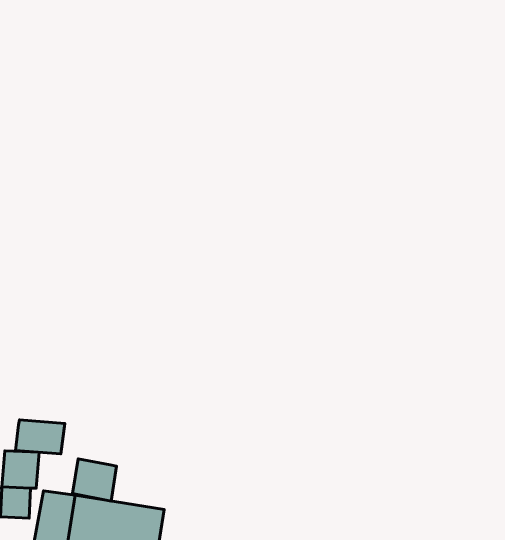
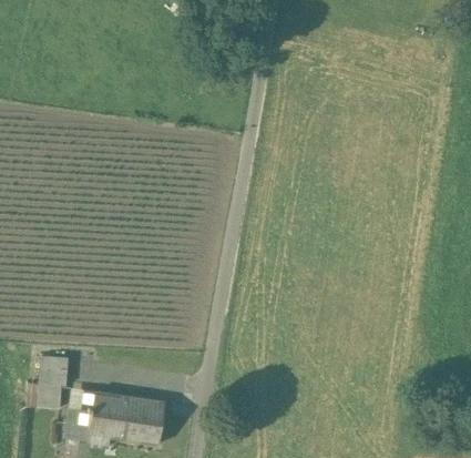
building: [16,420,65,454] -> none
building: [72,459,117,501] -> none

